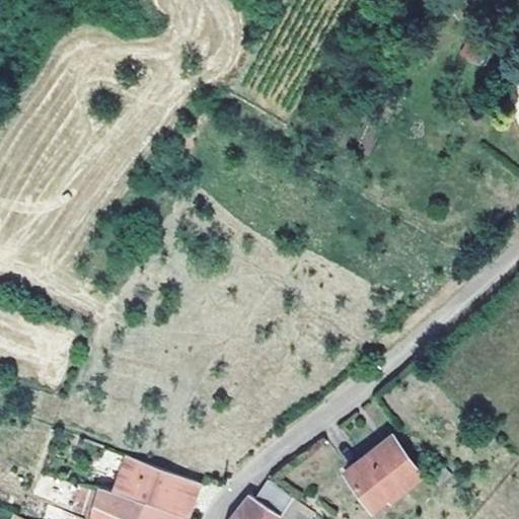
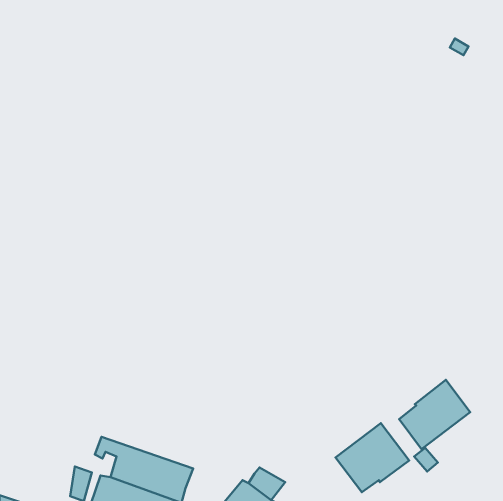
building: none -> [399,380,470,449]

